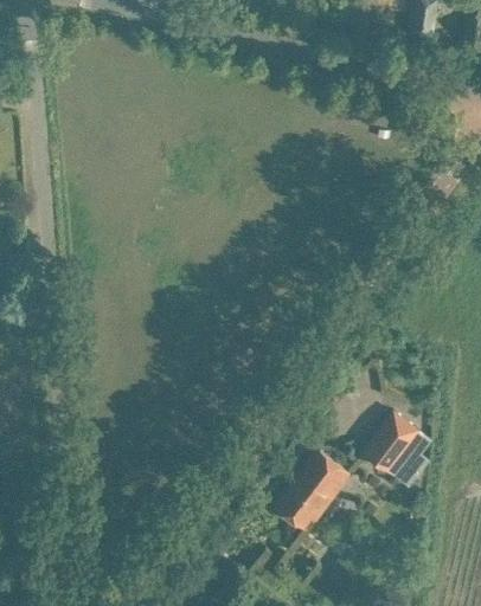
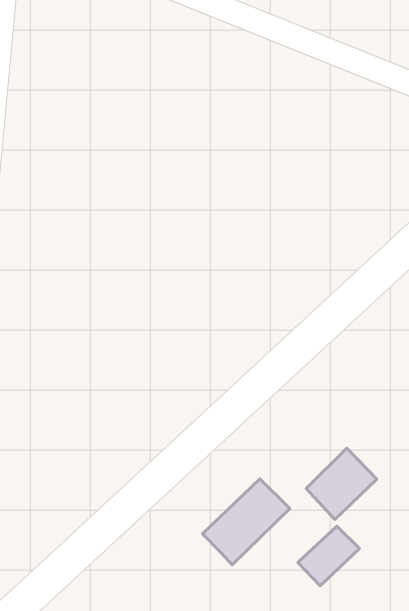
building: none -> [298,526,359,586]

